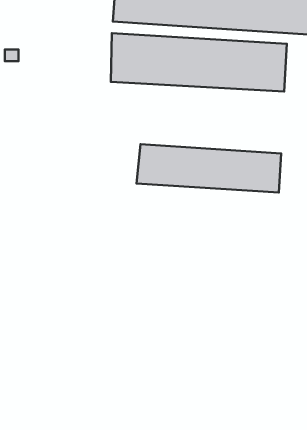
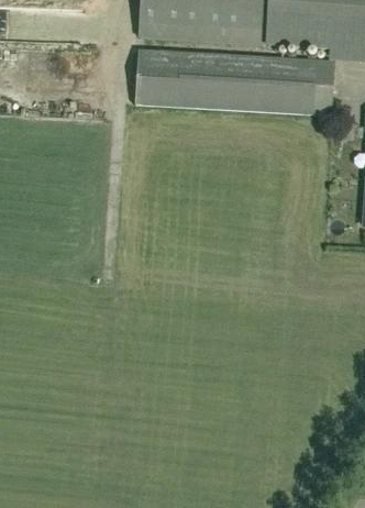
building: [136,144,281,192] -> none

